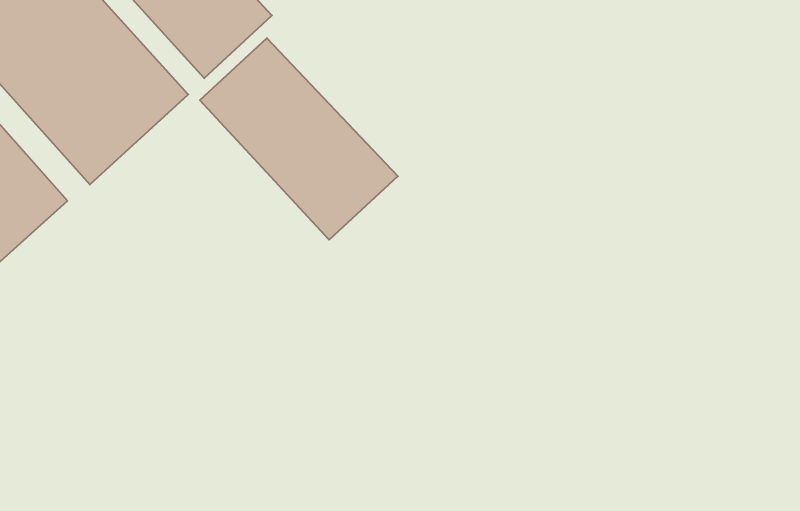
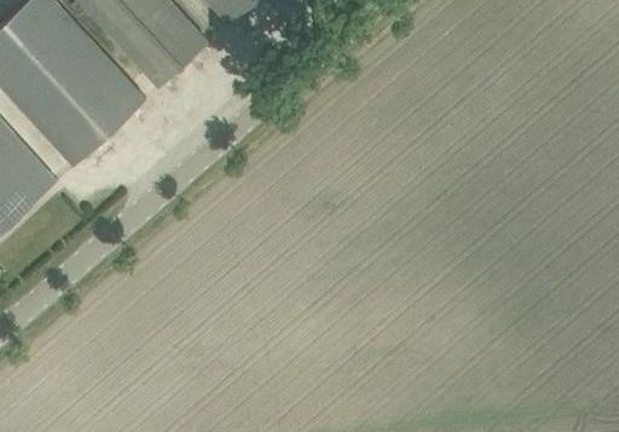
building: [200,38,398,240] -> none

